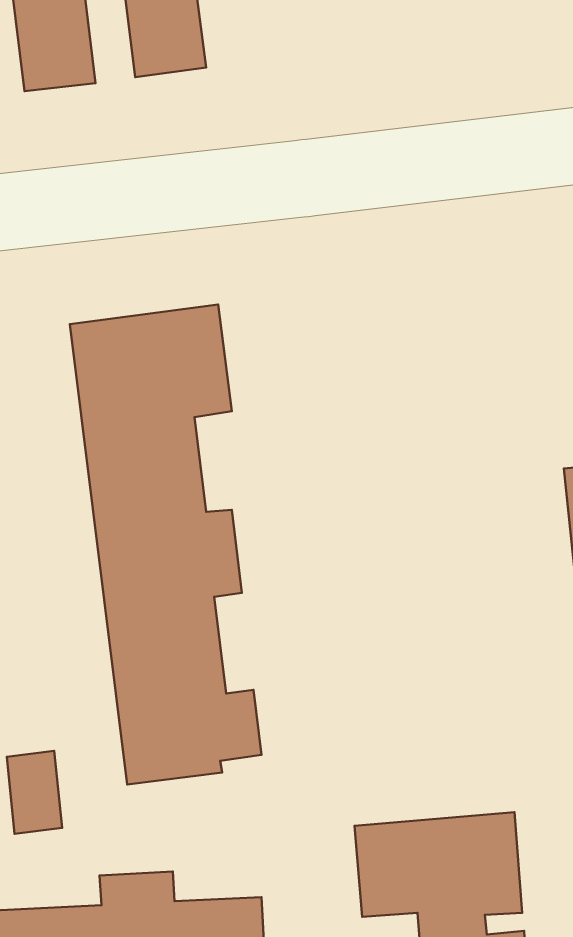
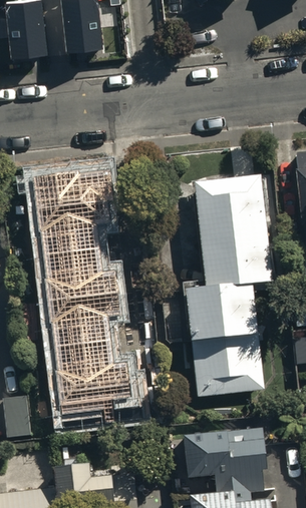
building: none -> [176,177,251,342]
building: none -> [191,352,261,396]

